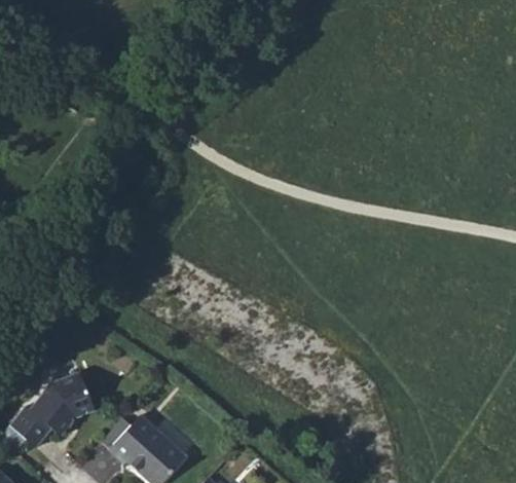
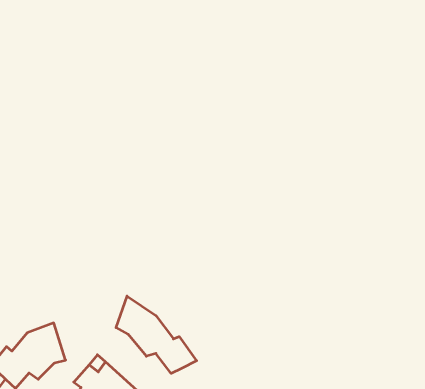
building: none -> [116,296,197,373]

